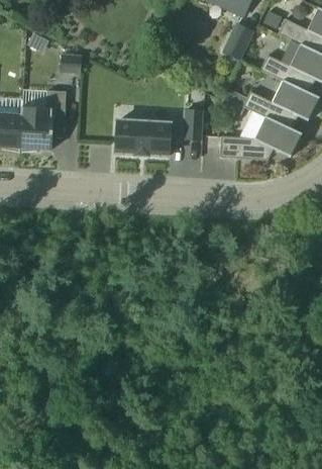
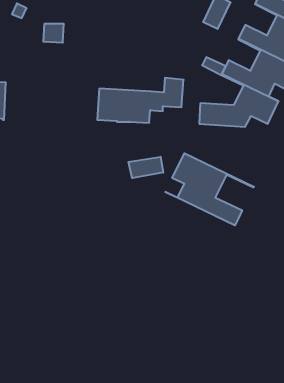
building: [19,88,66,151] -> none
building: none -> [165,153,254,225]
building: none -> [128,157,163,178]

